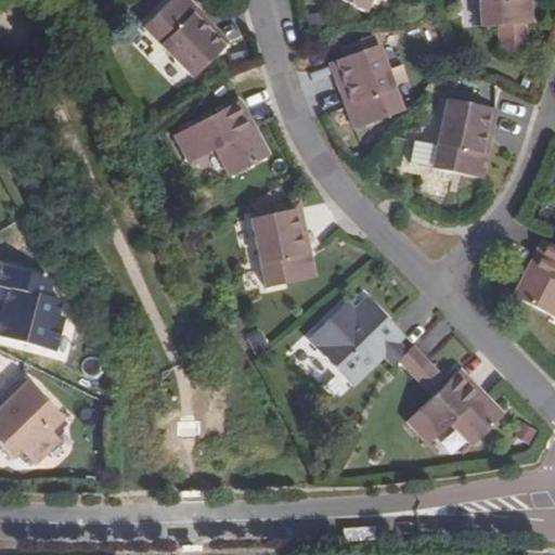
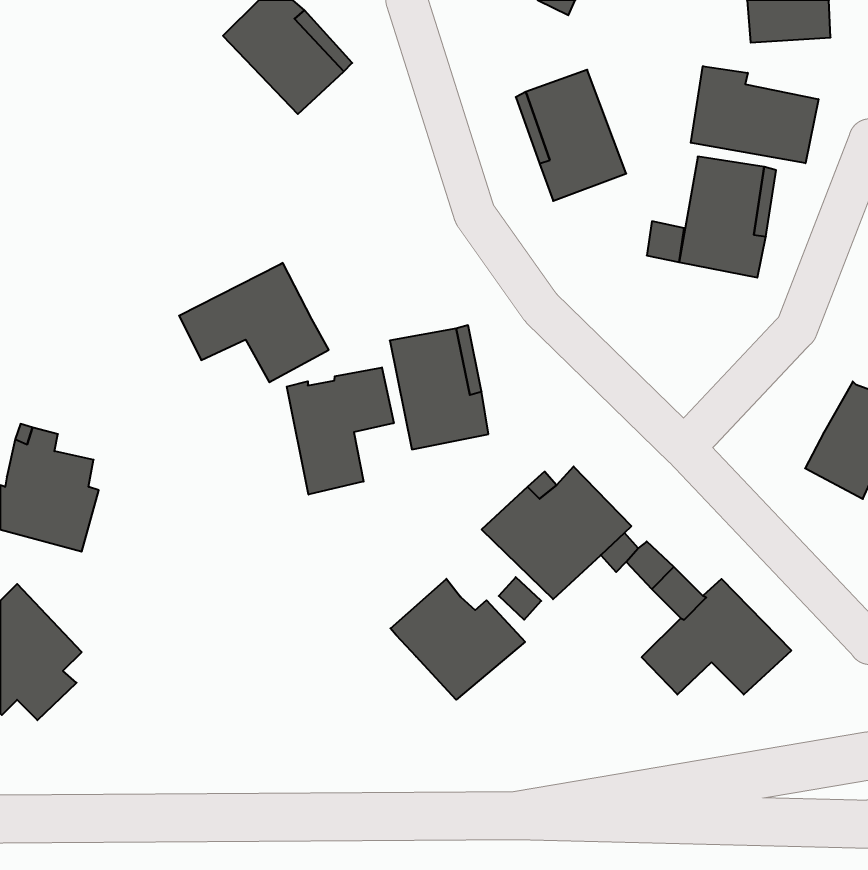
building: none -> [691,66,818,163]
building: [173,100,269,176] -> [179,263,329,382]
building: none -> [287,367,394,495]
building: none -> [390,579,525,700]

